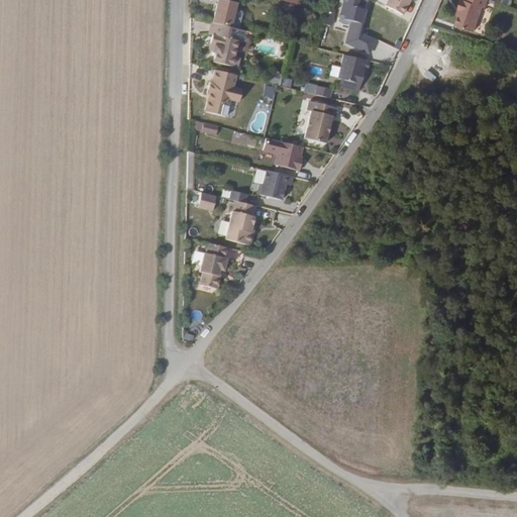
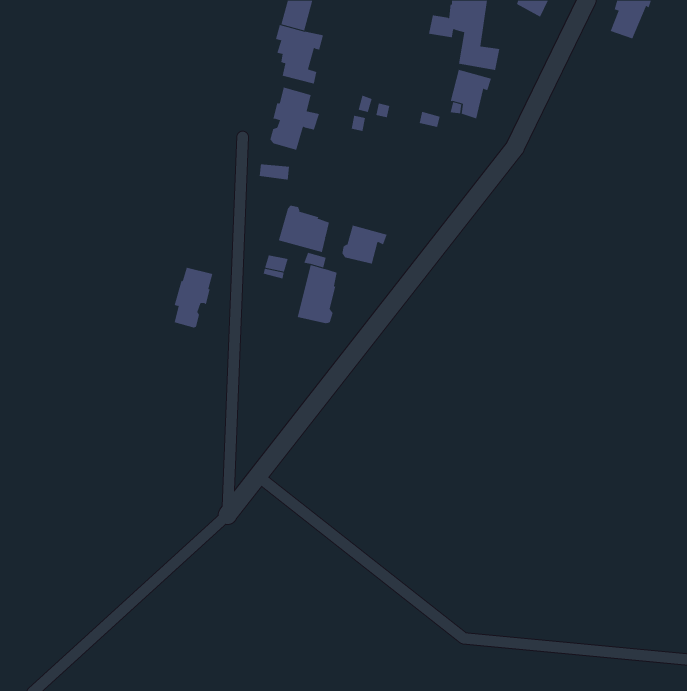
building: [303,100,337,144] -> none
building: [276,138,303,168] -> none
building: none -> [278,205,329,253]
building: [199,240,228,286] -> [174,267,213,328]

